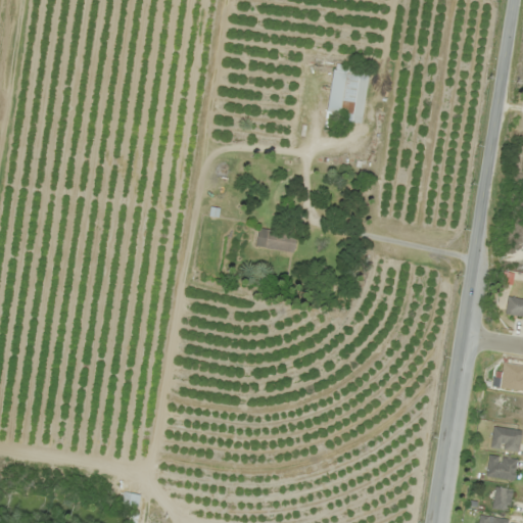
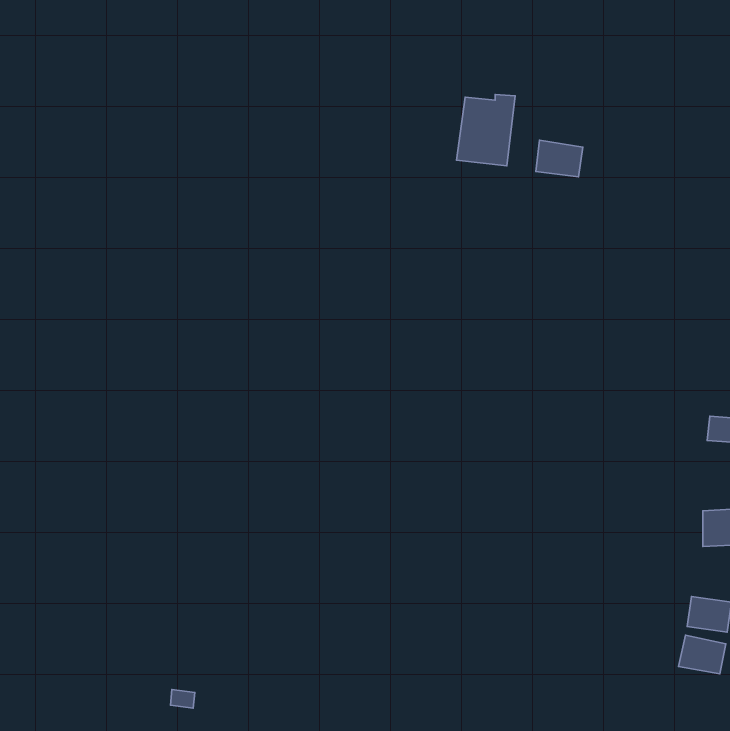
building: none -> [536,140,583,177]
building: [255,228,298,253] -> none
building: [492,486,514,512] -> none

